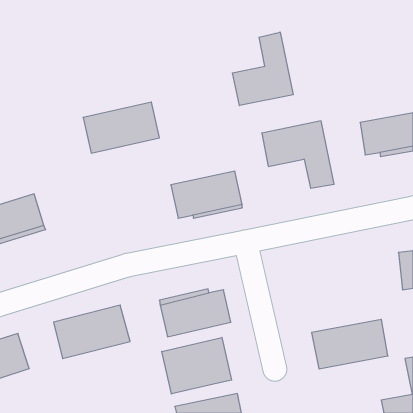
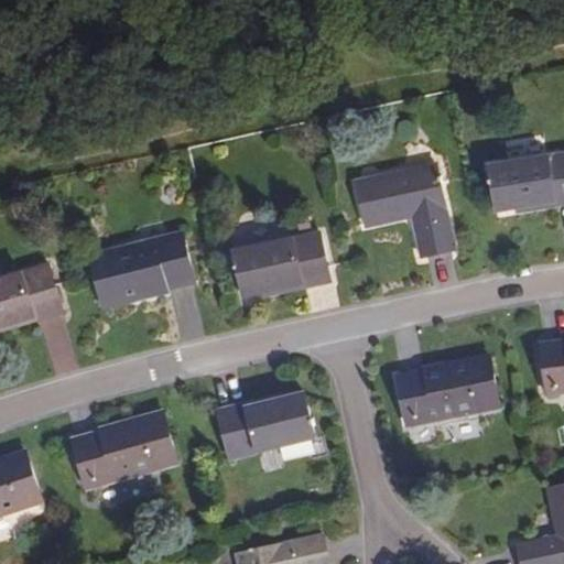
building: [232,32,293,106] -> none
building: [83,102,159,153] -> [89,234,193,303]
building: [312,319,388,369] -> [395,357,499,424]
building: [162,337,232,394] -> none

